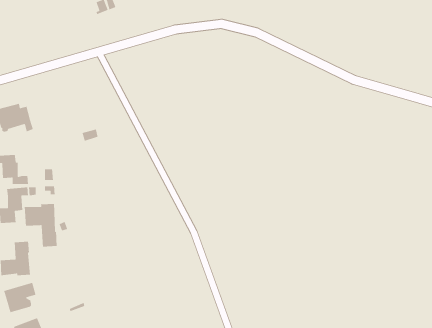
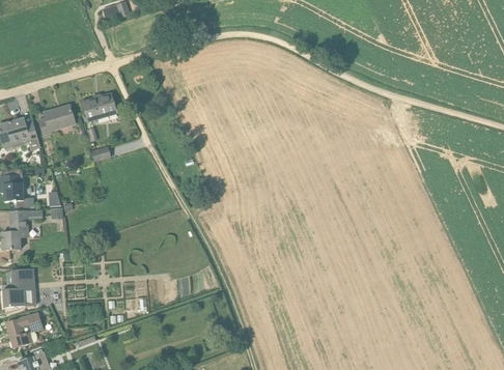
building: none -> [81,92,116,121]
building: none -> [37,105,74,135]
building: [24,203,57,247] -> none

